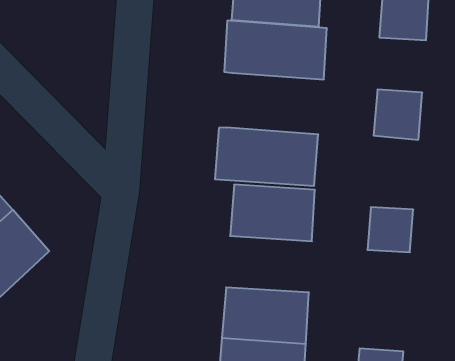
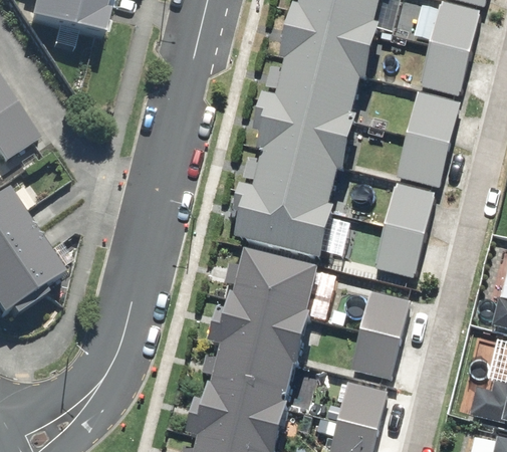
building: none -> [396,134,449,187]
building: none -> [244,144,332,210]
building: none -> [373,224,426,277]
building: none -> [223,294,310,360]
building: none -> [351,329,400,379]
building: none -> [337,381,388,430]

